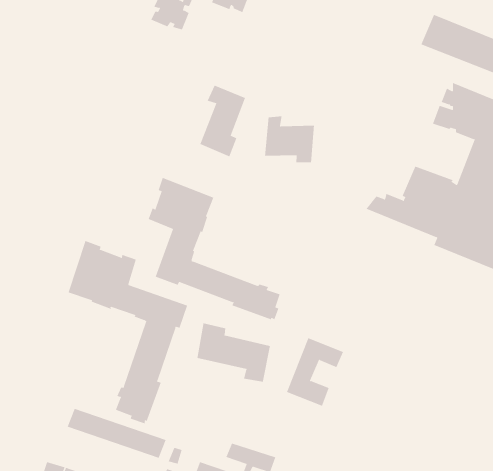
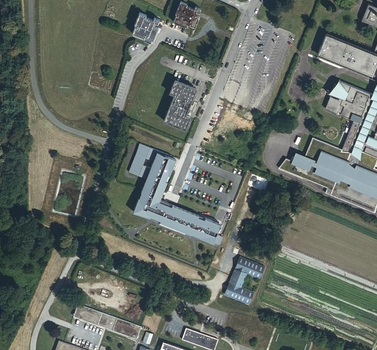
building: [265,115,315,163] -> none
building: [68,240,188,424] -> none
building: [197,323,270,383] -> none

